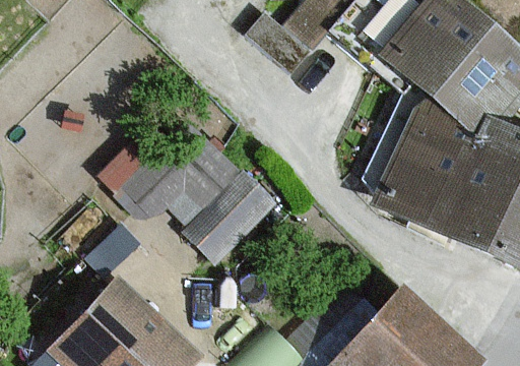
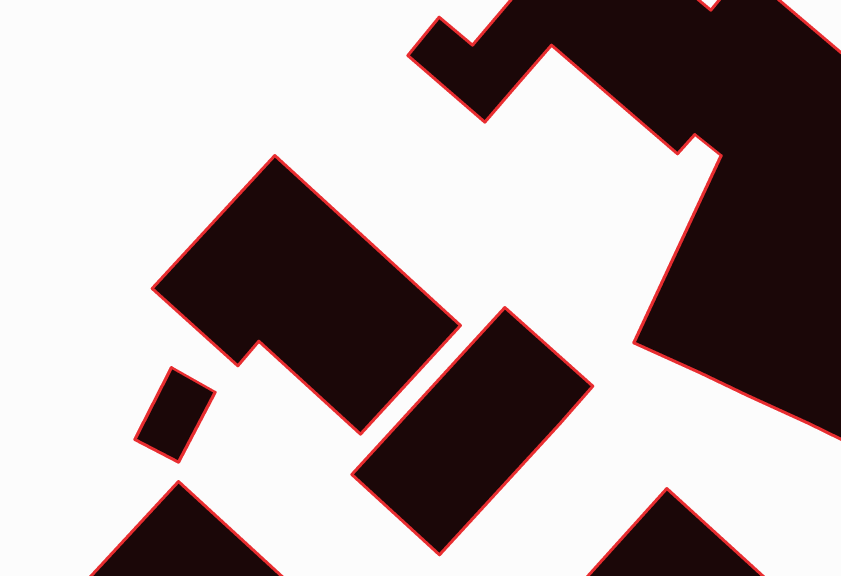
building: none -> [352,307,593,555]

